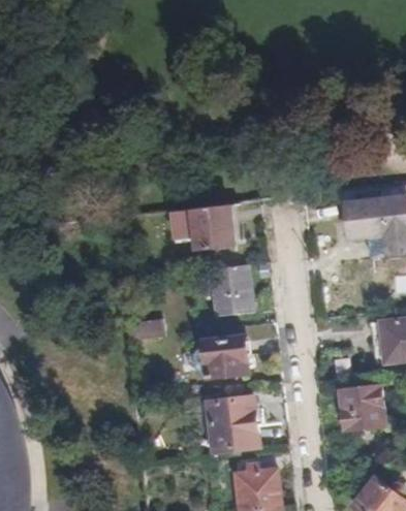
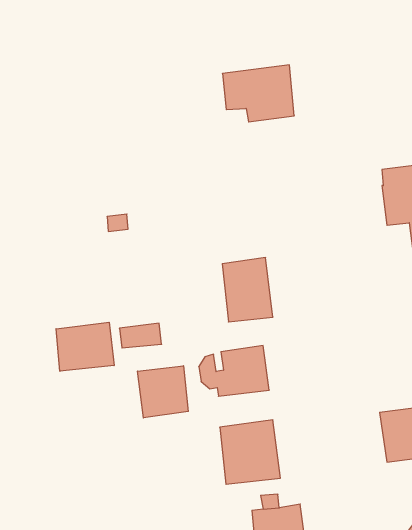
building: [176,202,236,250] -> [222,65,294,122]
building: none -> [56,322,114,371]
building: none -> [138,366,188,418]

